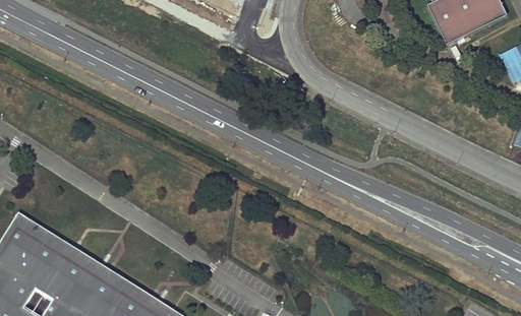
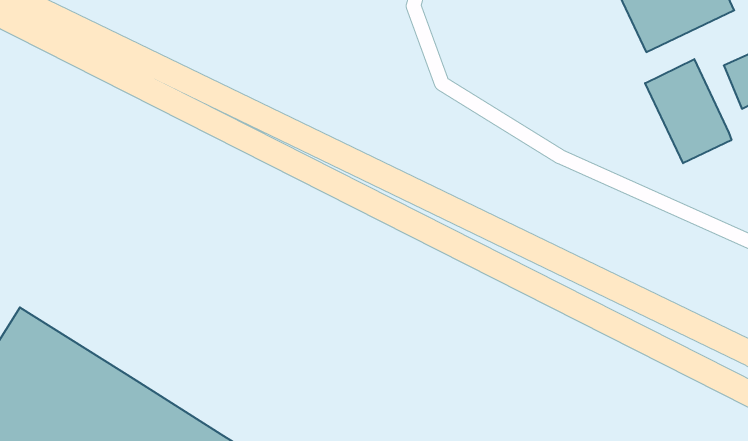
building: none -> [645,59,731,163]

